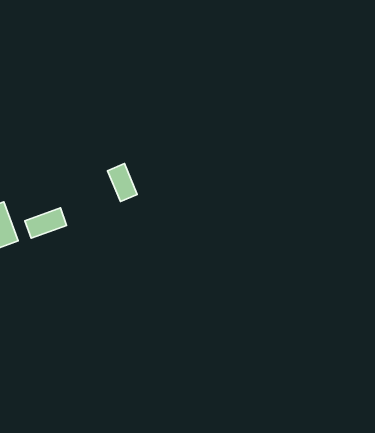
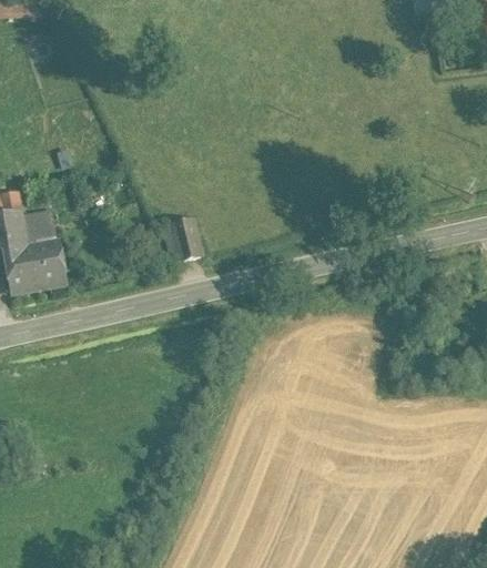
building: [25,208,67,238] -> none

